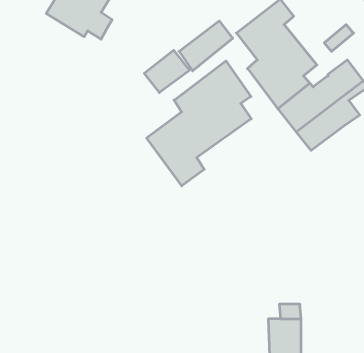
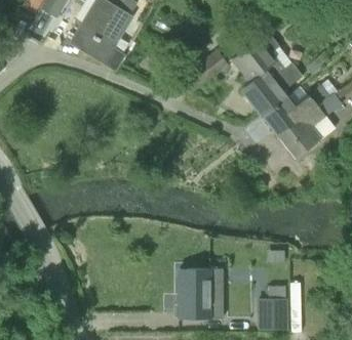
building: [144,50,189,93] -> none
building: [147,61,251,186] -> none
building: none -> [178,268,210,317]

